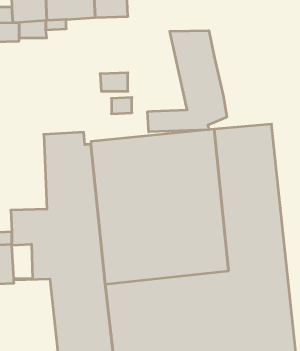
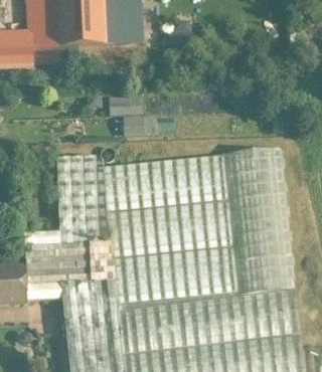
building: [148,31,227,132] -> none
building: none -> [26,265,46,300]

